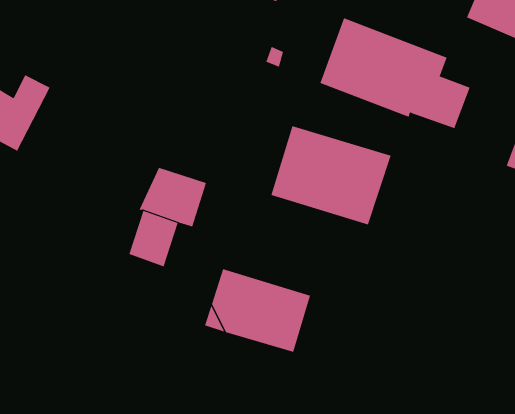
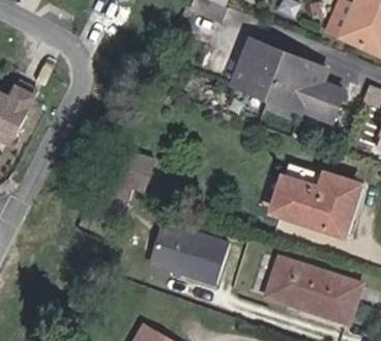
building: [270,125,391,225] -> [272,163,360,235]
building: none -> [267,258,361,322]

